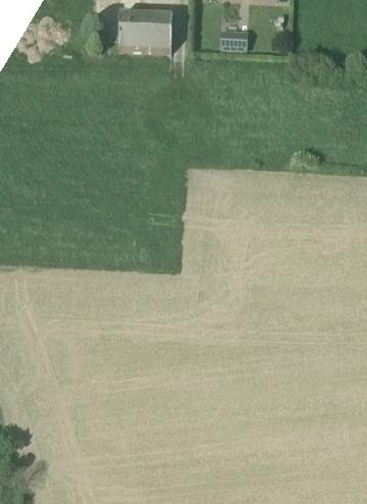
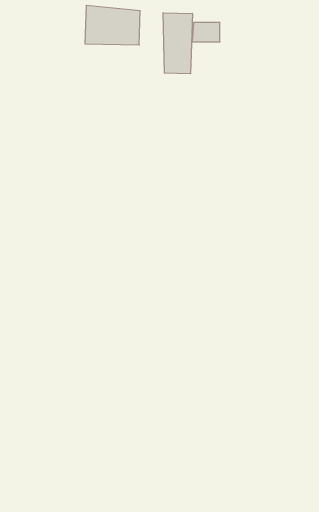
building: none -> [163,13,192,74]

